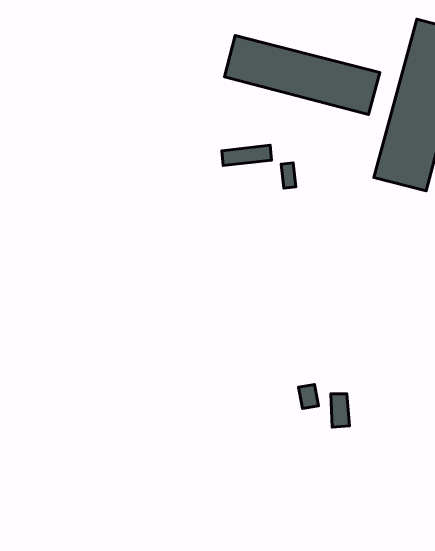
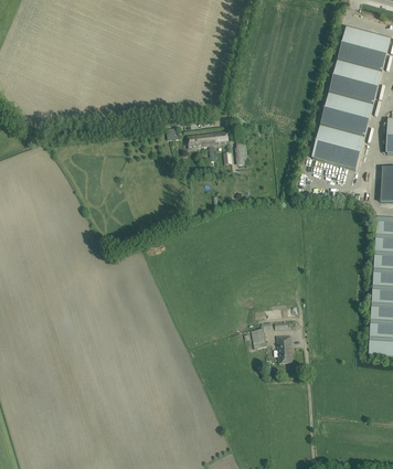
building: [225,36,380,115] -> none

